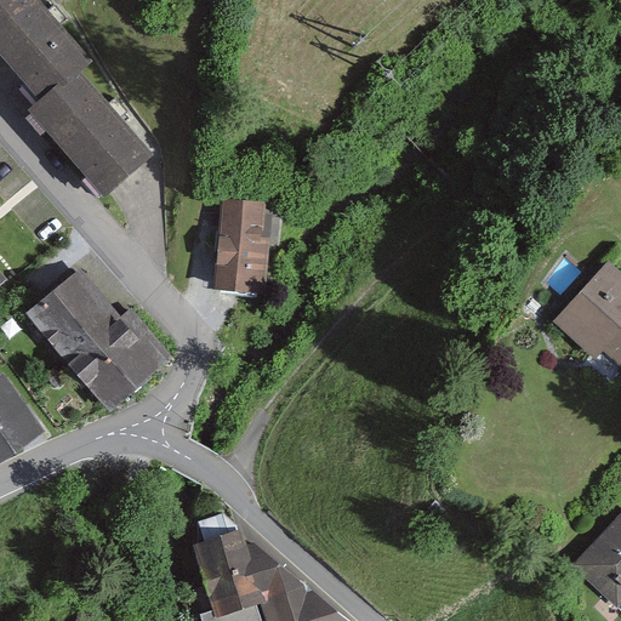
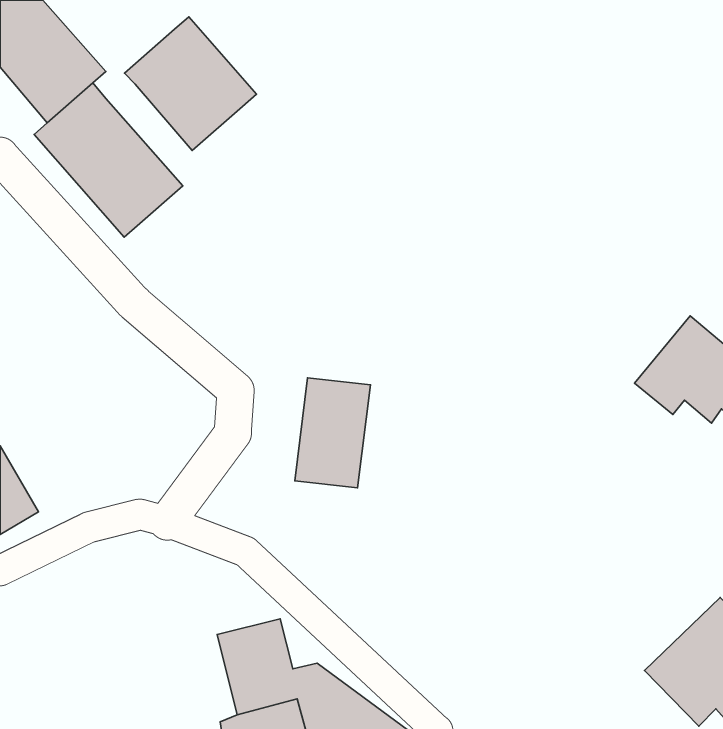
building: none -> [124,17,257,151]
building: [205,204,269,297] -> [295,378,370,488]
building: [21,263,181,418] -> none

